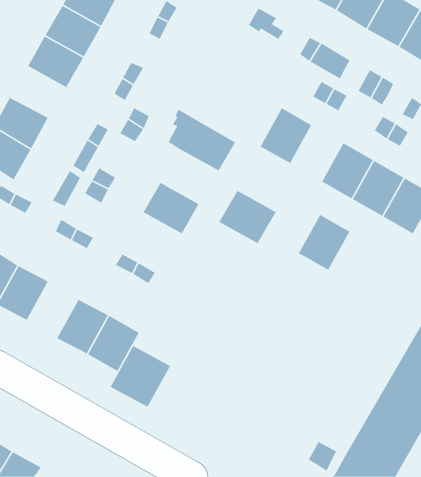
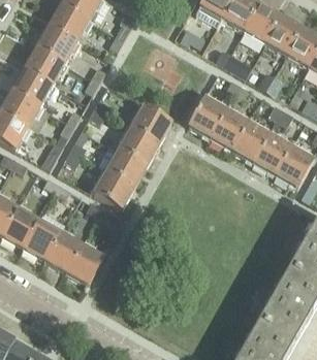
building: none -> [12,67,53,103]
building: [218,190,277,244] -> [119,126,160,164]
building: none -> [95,170,134,207]
building: [298,214,351,271] -> [211,108,248,149]
building: none -> [25,219,61,259]
building: [109,345,171,408] -> none

